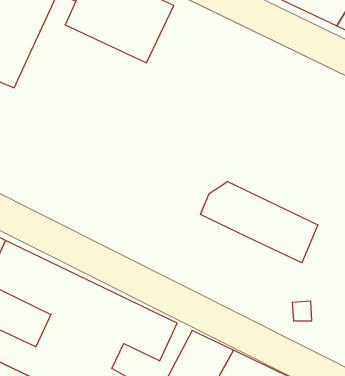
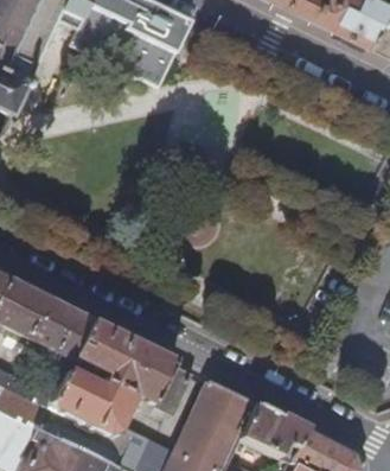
building: [200,181,318,263] -> none

